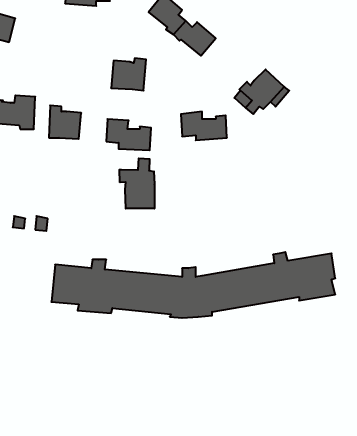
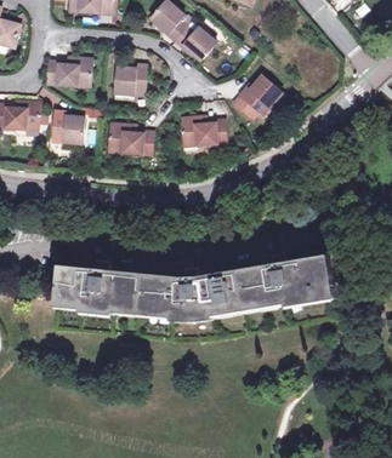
building: none -> [47,56,91,85]
building: [119,158,154,209] -> none

